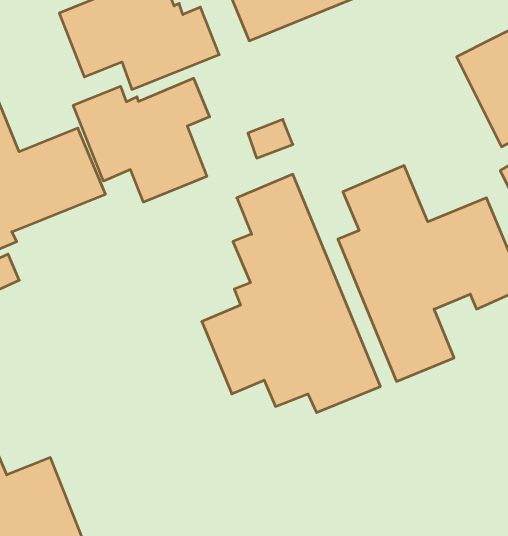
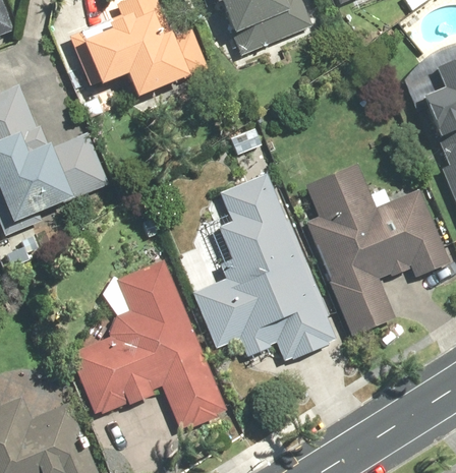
building: [73,78,210,202] -> none
building: none -> [70,258,225,429]

